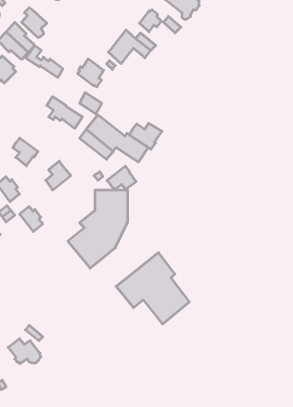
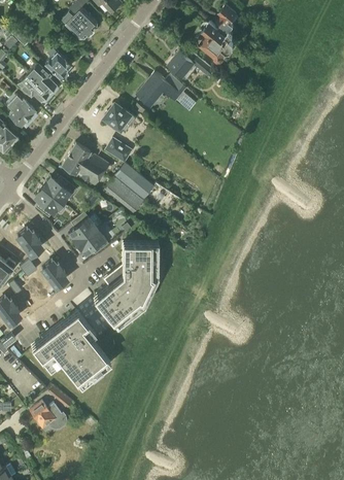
building: [26,46,63,77] -> [62,152,101,186]
building: [129,123,162,149] -> none
building: none -> [42,177,77,202]
building: [107,166,136,189] -> [77,228,108,252]
building: [116,253,189,324] -> [32,311,110,387]

